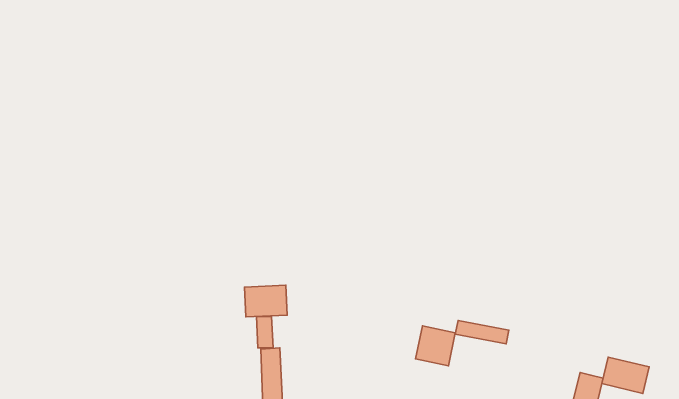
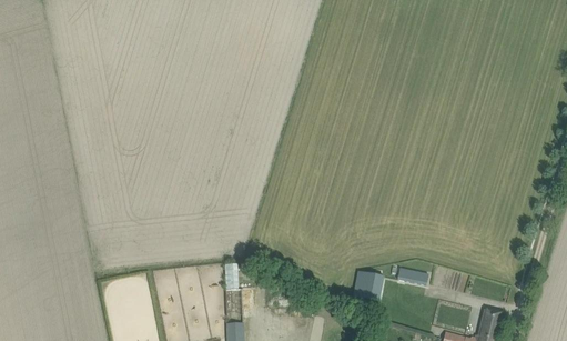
building: [245,285,287,317] -> none
building: [602,357,649,393] -> none

